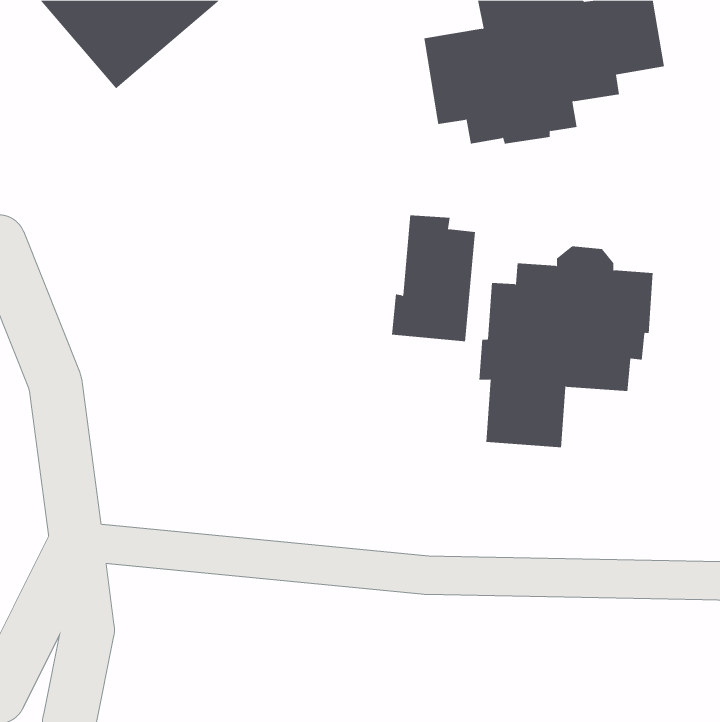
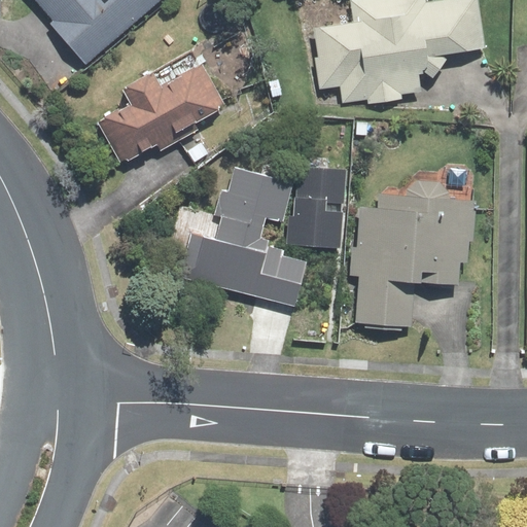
building: none -> [97,47,225,165]
building: none -> [166,166,308,307]

